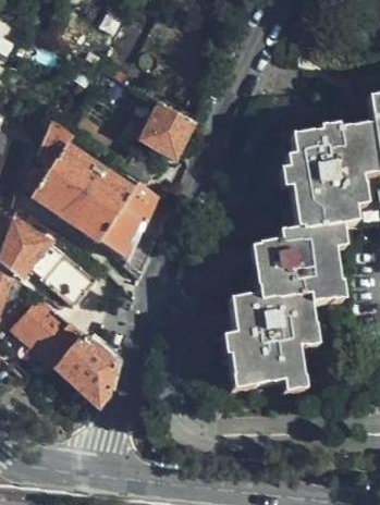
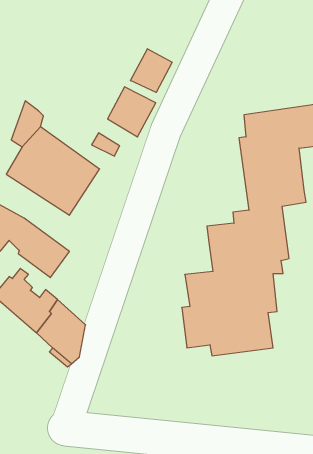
building: none -> [130,49,172,92]
building: [101,181,158,278] -> none

